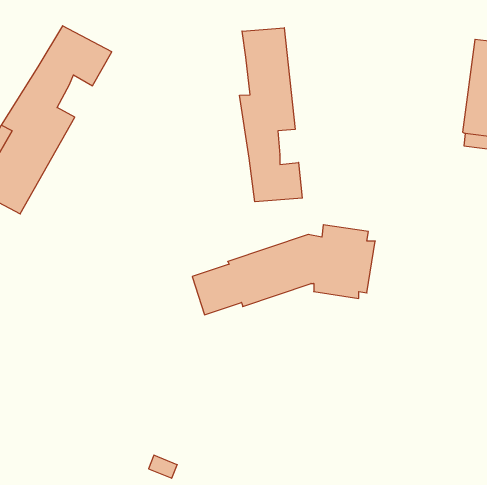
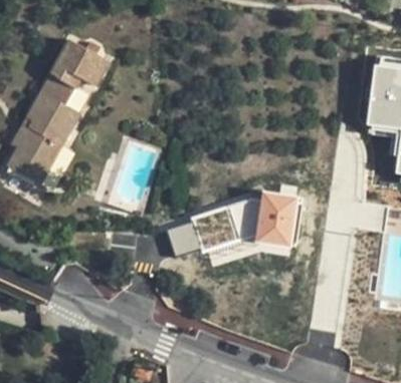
building: [240,28,302,202] -> none

